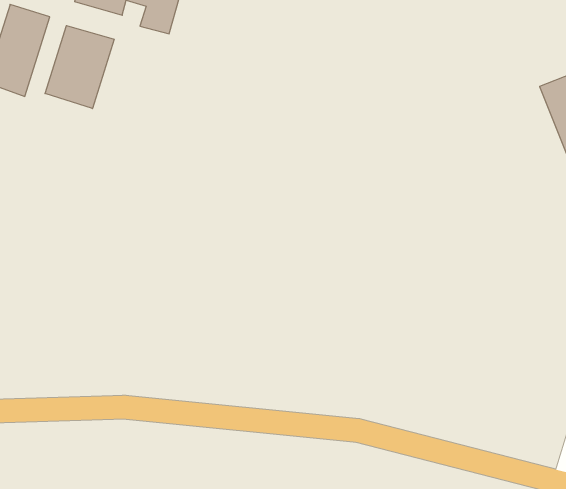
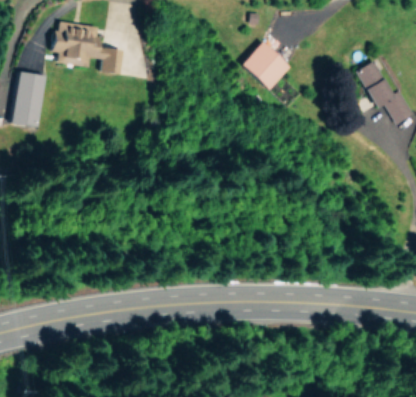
building: none -> [242,41,292,91]
building: [45,26,114,109] -> none

